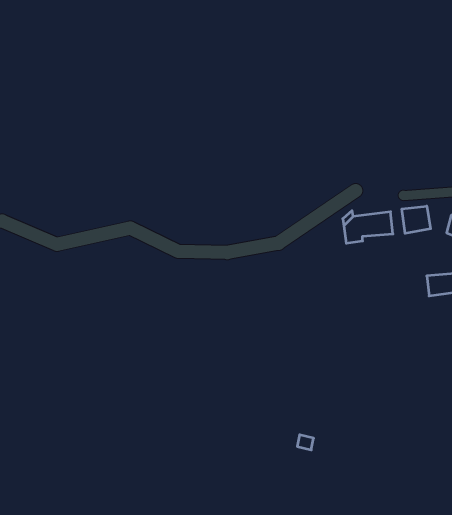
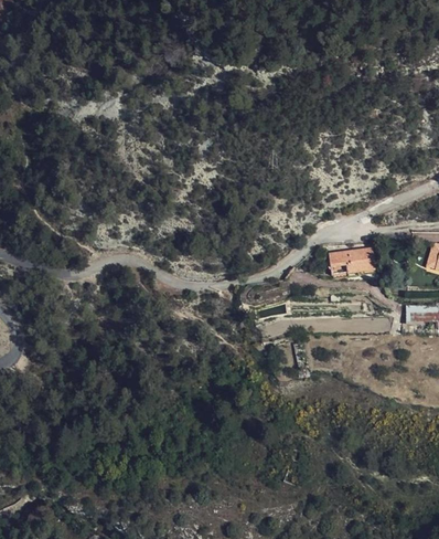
building: [402,206,431,233] -> none

